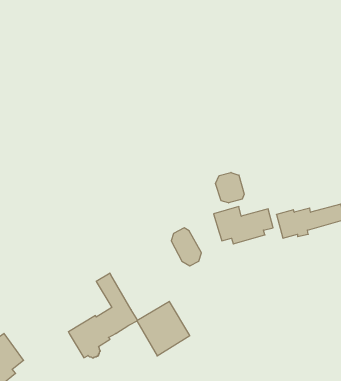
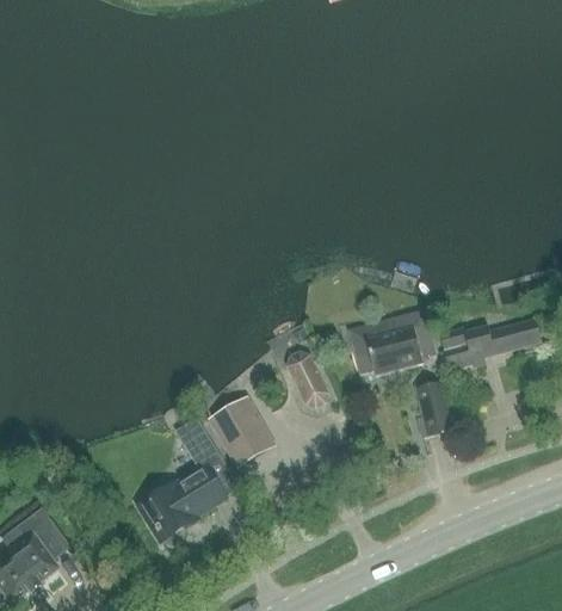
building: [216,172,244,203] -> none
building: none -> [415,378,455,436]
building: [137,301,190,356] -> [198,393,276,473]

